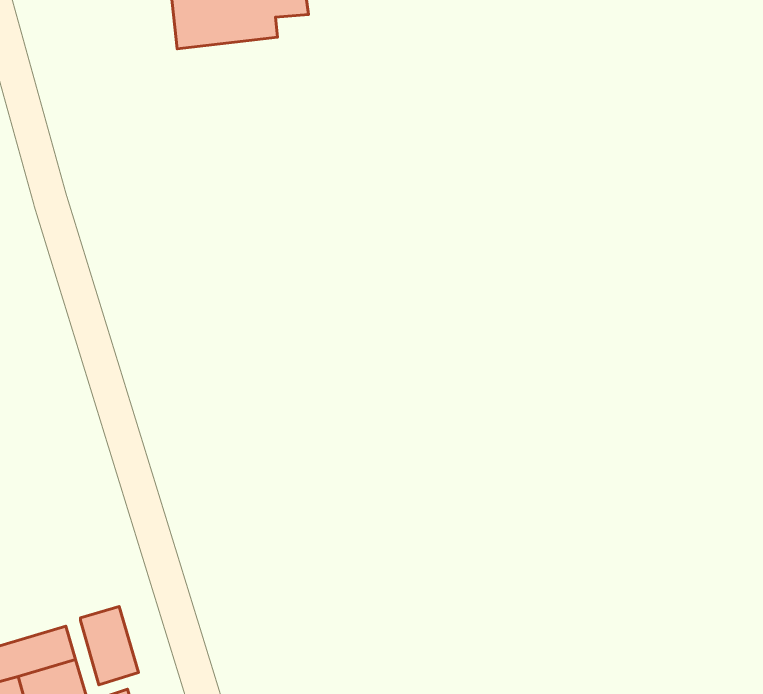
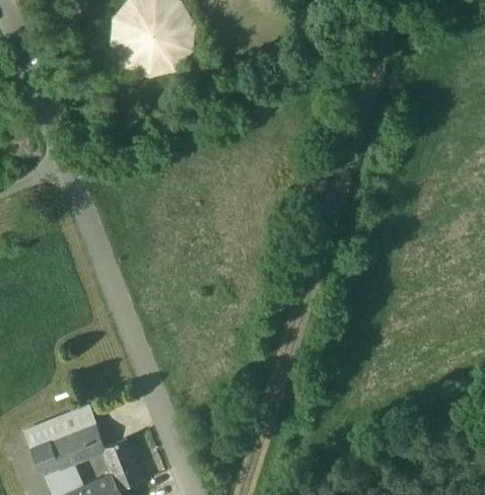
building: [80,607,139,685] -> none

